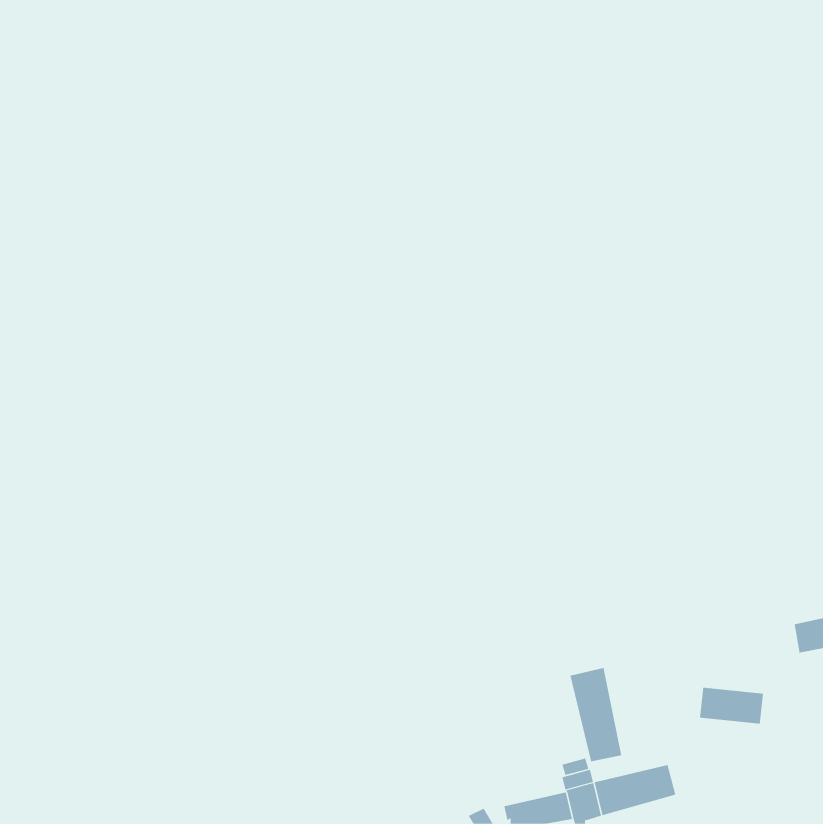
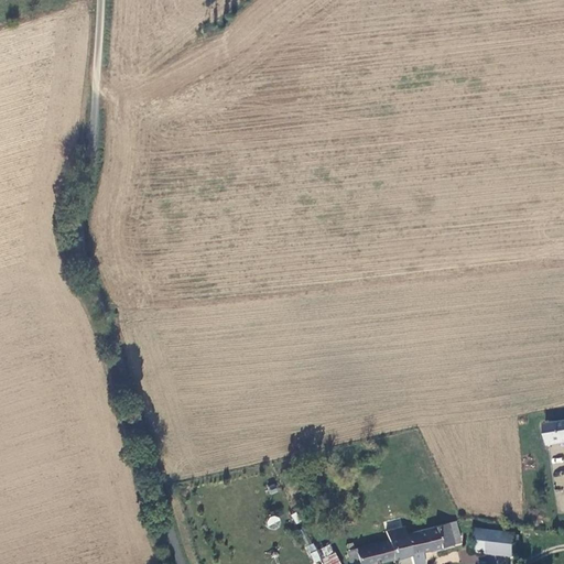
building: [570,667,622,762] -> none
building: [699,687,764,724] -> [474,532,518,557]

